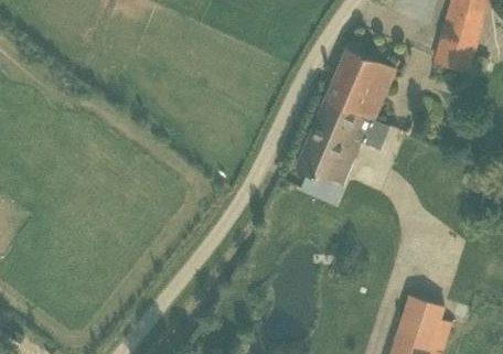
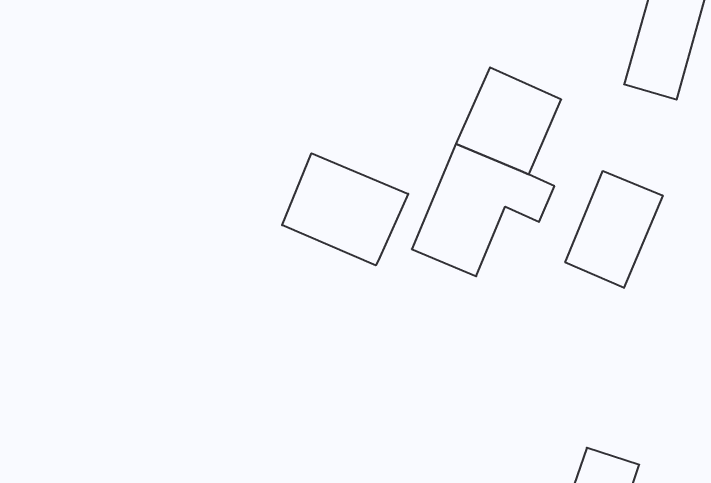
building: none -> [282,153,408,265]
building: none -> [565,171,663,288]

